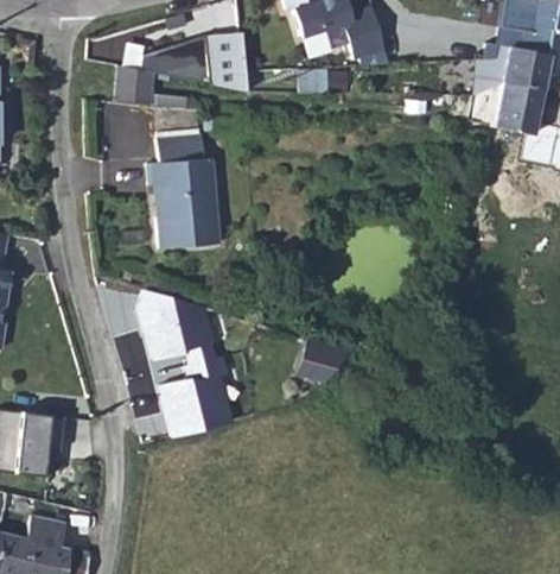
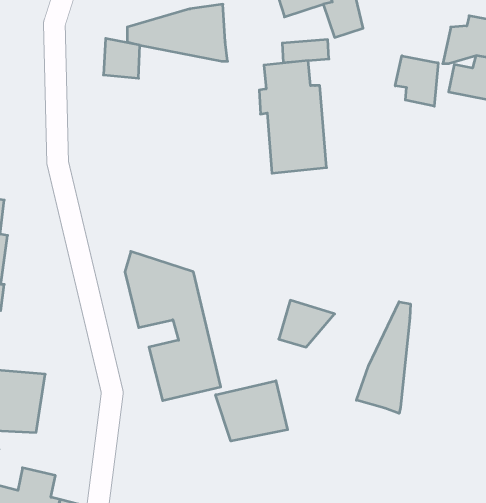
building: none -> [395,56,438,106]
building: [145,130,215,247] -> [259,61,327,173]
building: none -> [356,302,410,413]
building: none -> [216,381,288,441]

